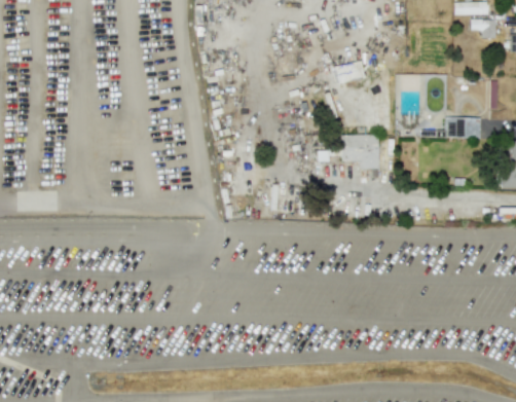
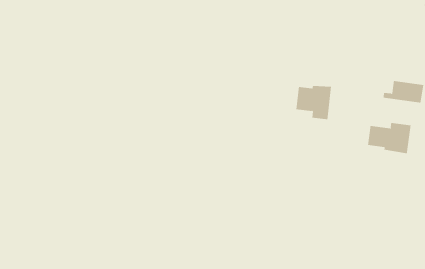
building: none -> [367,122,411,154]

